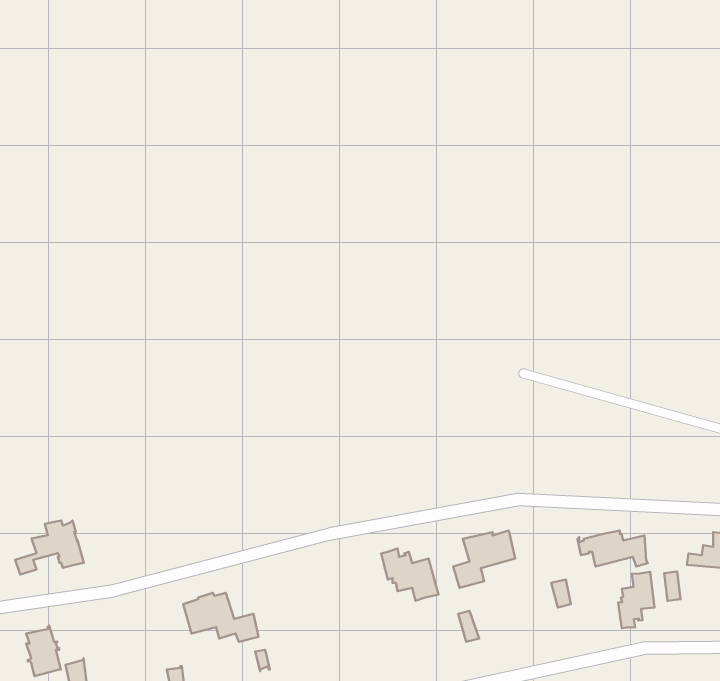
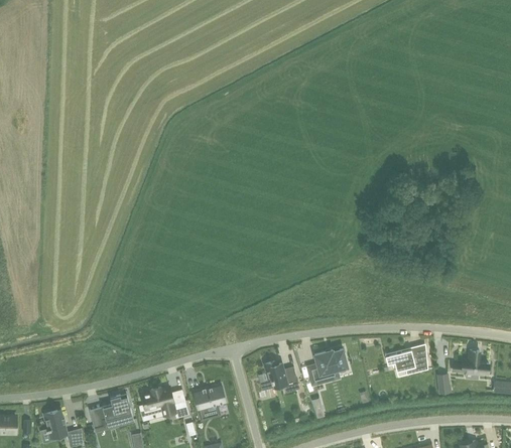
building: [15,520,84,574] -> [91,395,133,428]
building: [618,572,654,628] -> none
building: none -> [193,383,225,420]

